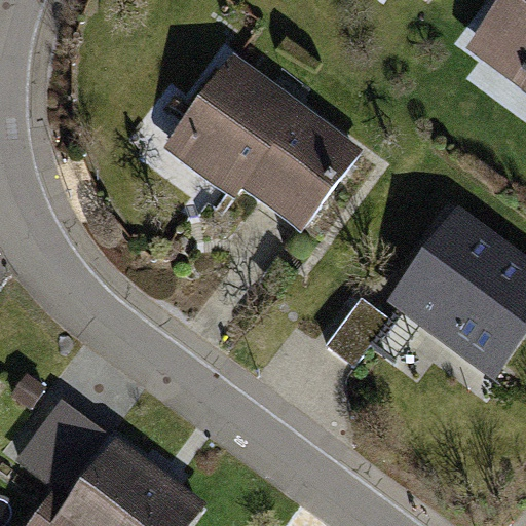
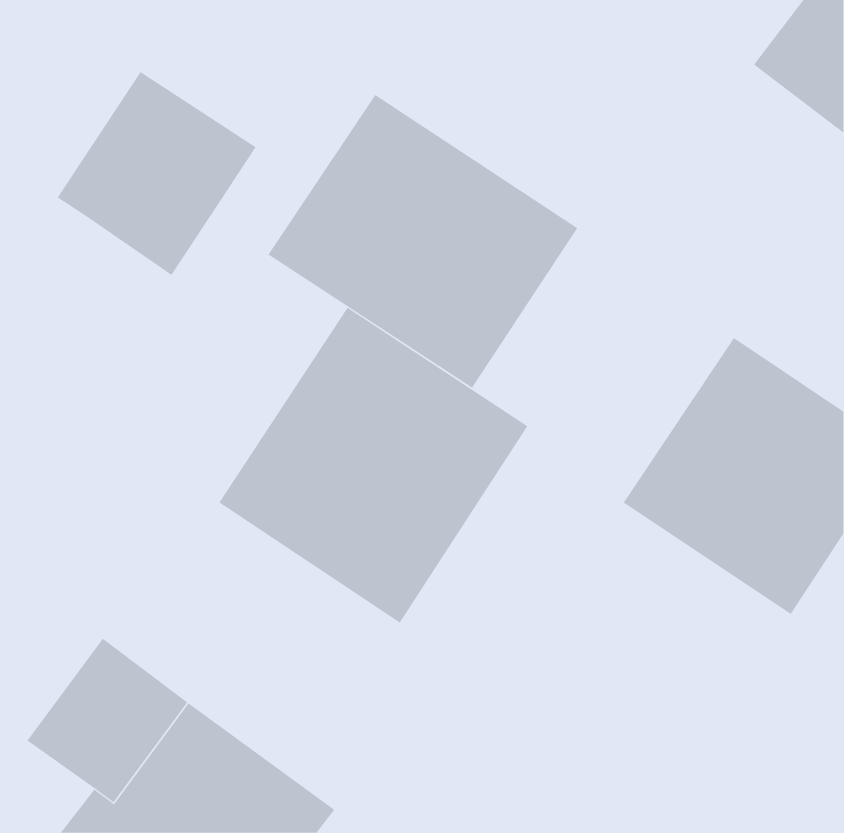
building: none -> [57,71,256,276]
building: none -> [219,307,528,624]

